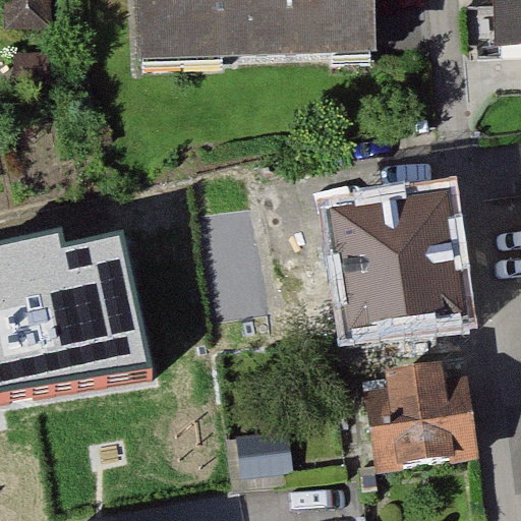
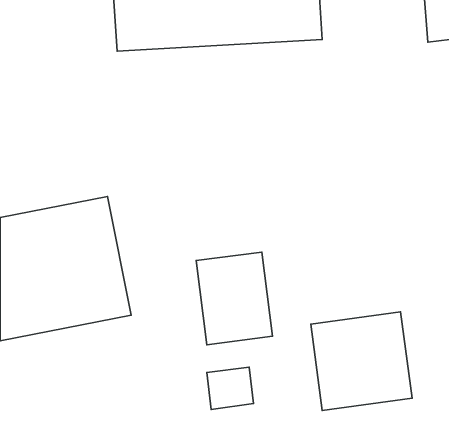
building: [328,192,462,332] -> none
building: none -> [196,252,272,345]

